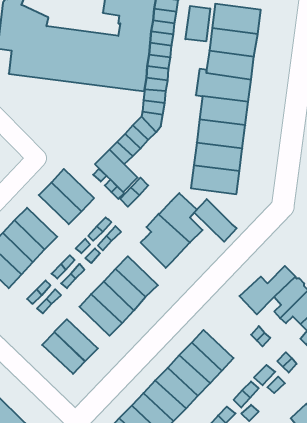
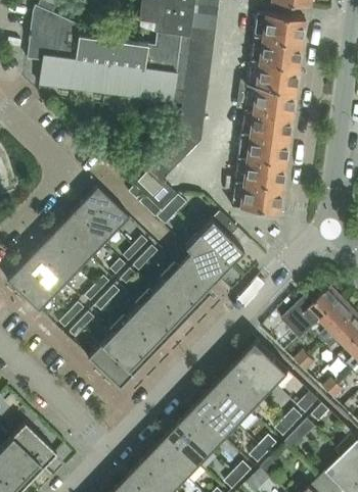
building: [185,6,210,41] -> none
building: none -> [58,213,102,257]
building: [194,199,237,242] -> [165,263,210,308]
building: none -> [244,341,290,385]
building: [42,332,85,374] -> [100,331,145,375]

